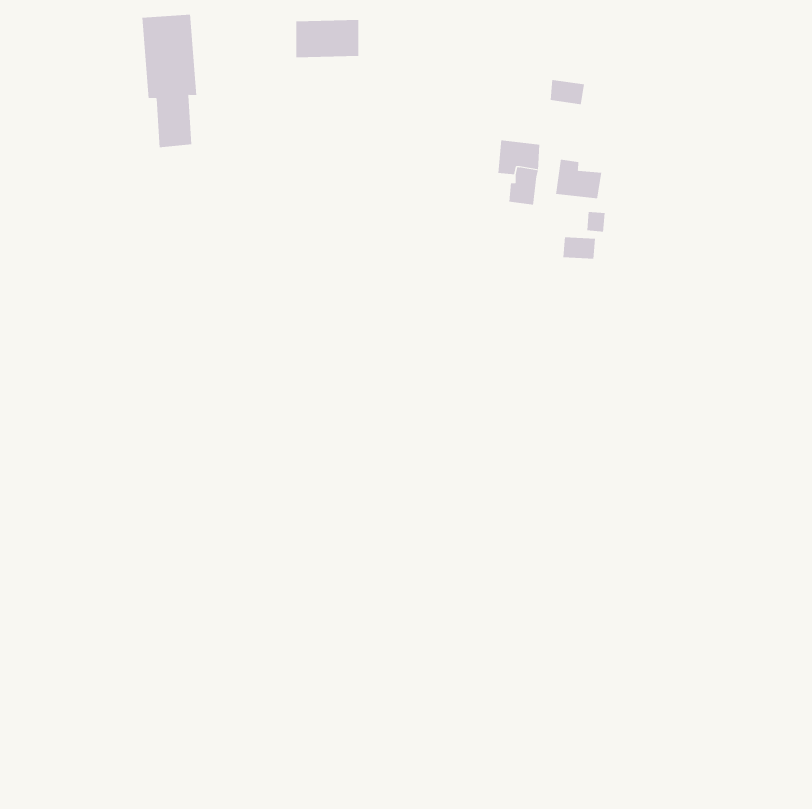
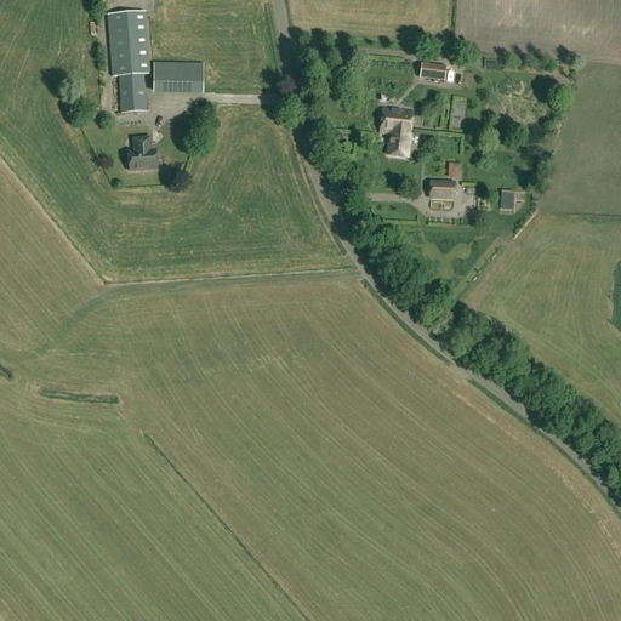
building: [296,20,359,58] -> [154,59,203,89]
building: [556,159,602,199] -> none
building: none -> [129,137,158,170]

